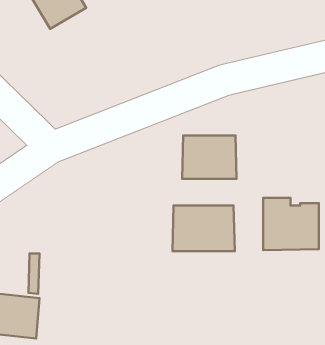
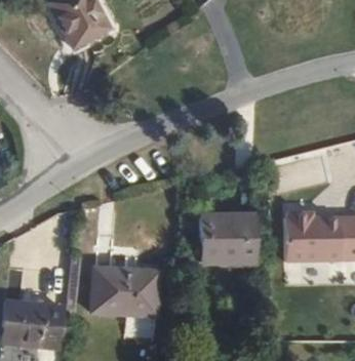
building: [182,135,237,179] -> none
building: none -> [106,264,164,311]

